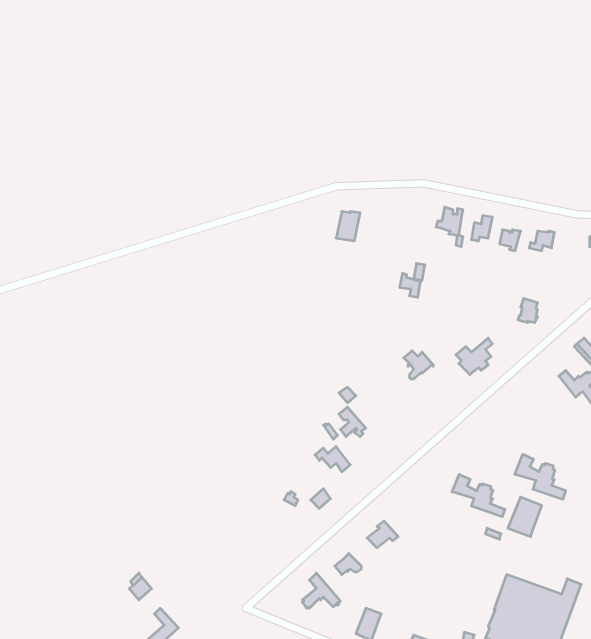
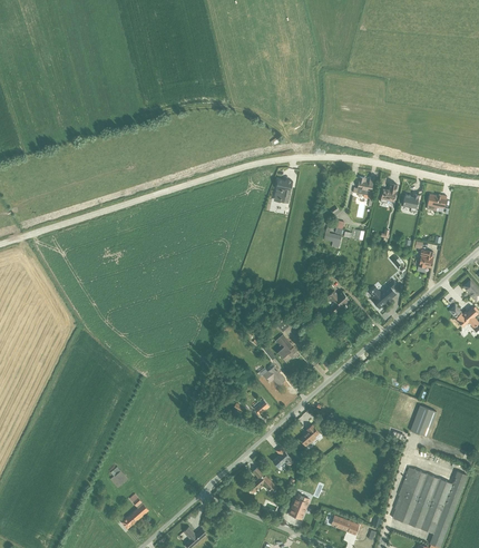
building: [515,454,566,499] -> none
building: [452,474,505,517] -> none

